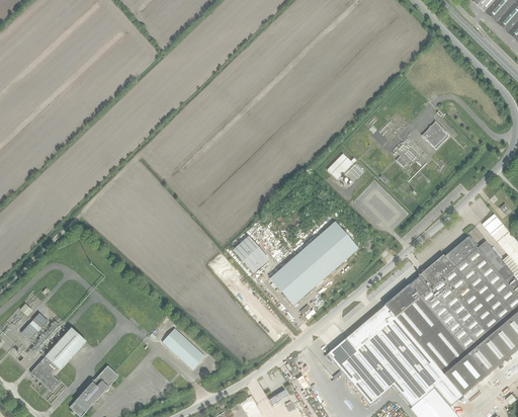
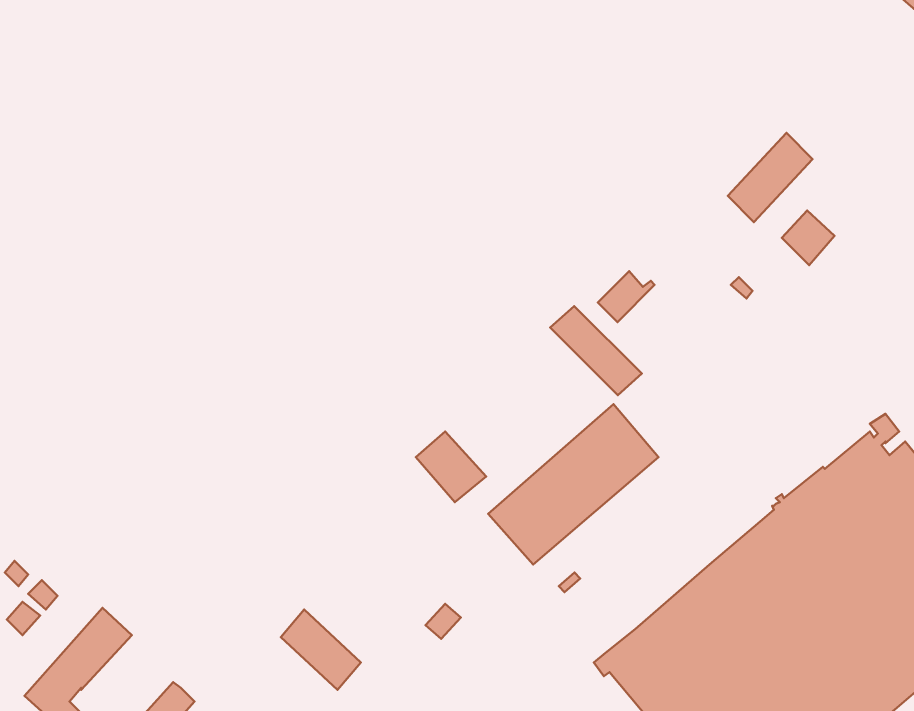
building: none -> [728,133,812,222]
building: none -> [550,306,642,395]

